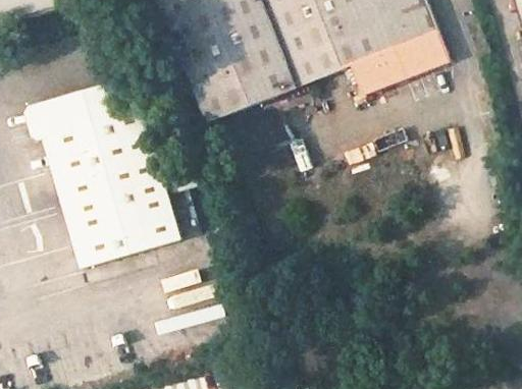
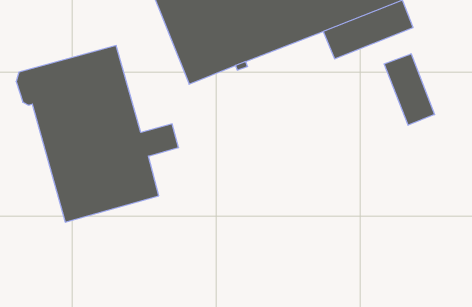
building: none -> [384,54,435,125]

